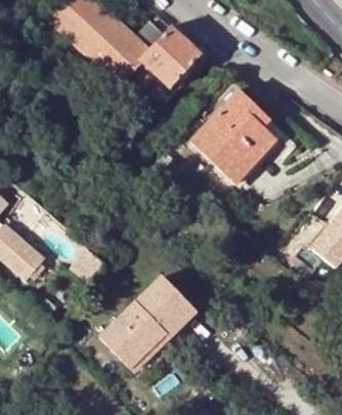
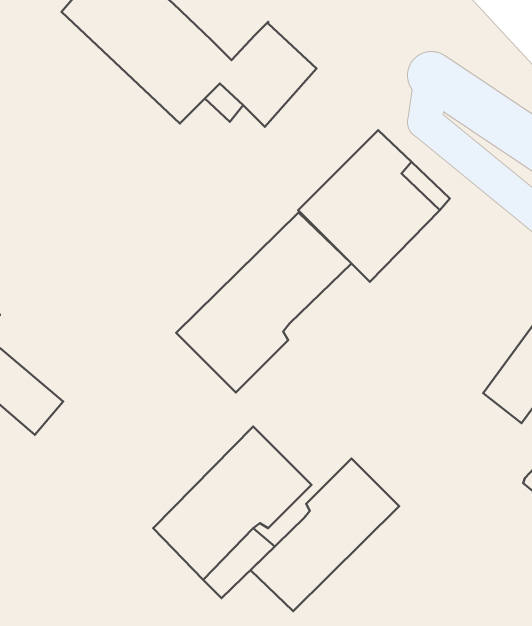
building: none -> [176,212,351,392]
building: none -> [250,458,399,611]

